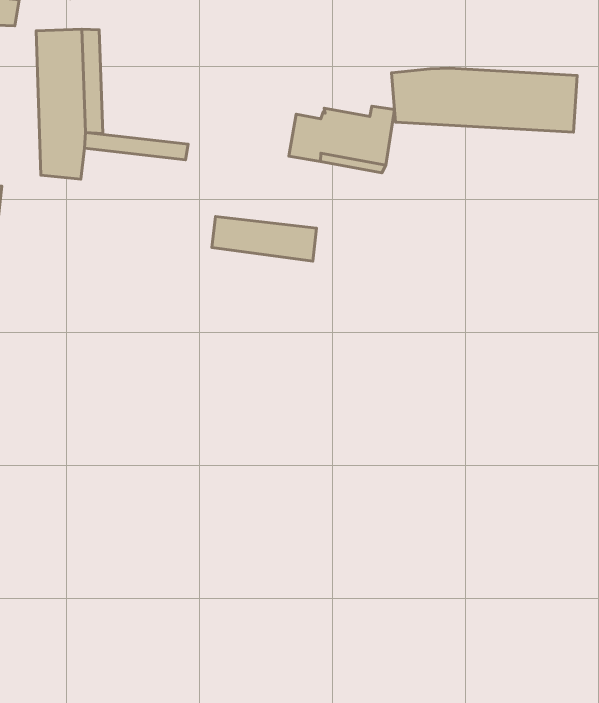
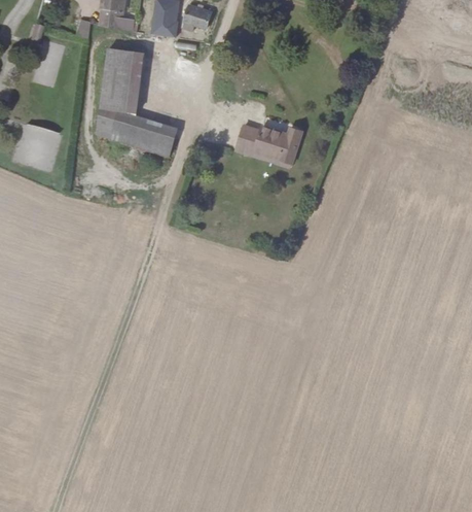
building: [391,68,577,132] -> none
building: [212,216,316,261] -> [112,121,177,157]

